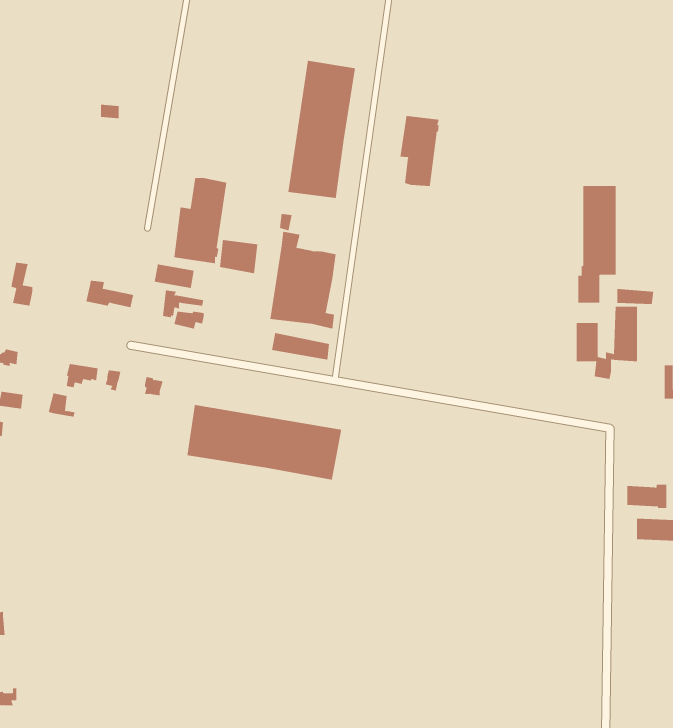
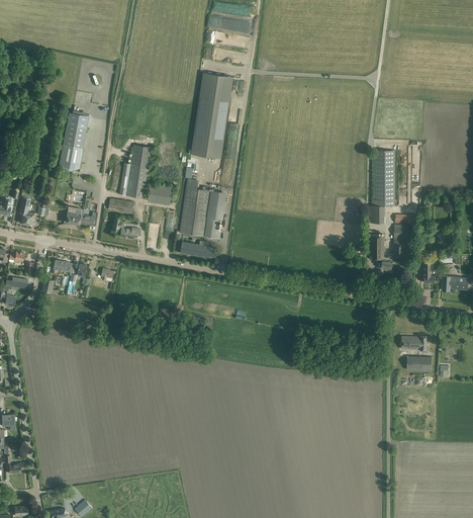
building: [400,115,439,187] -> none
building: none -> [58,112,88,168]
building: [187,404,342,480] -> none

